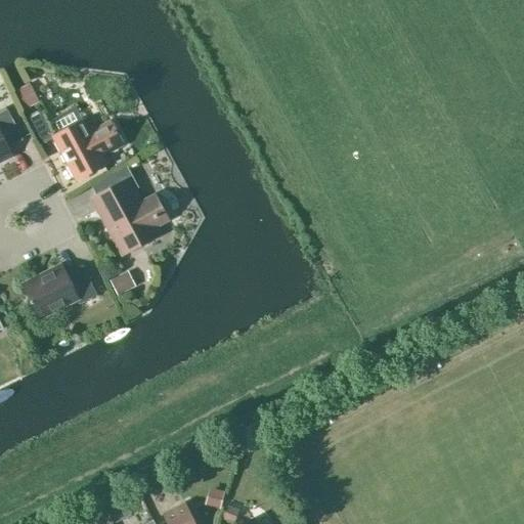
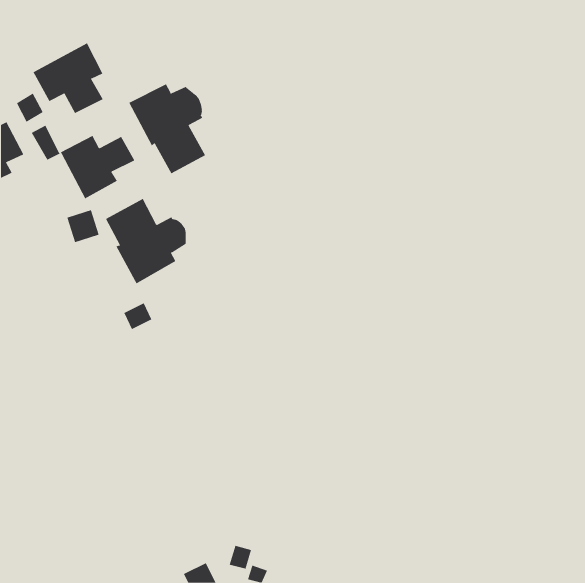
building: none -> [32,43,104,114]
building: none -> [128,83,206,174]
building: [24,264,96,317] -> none

